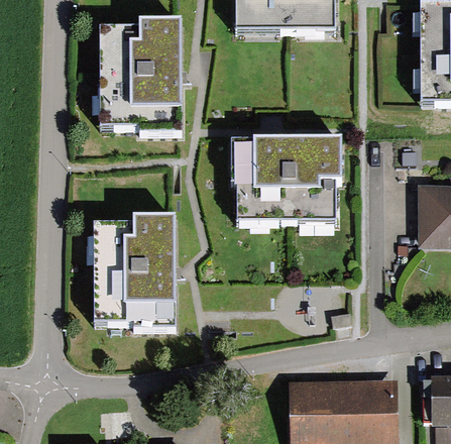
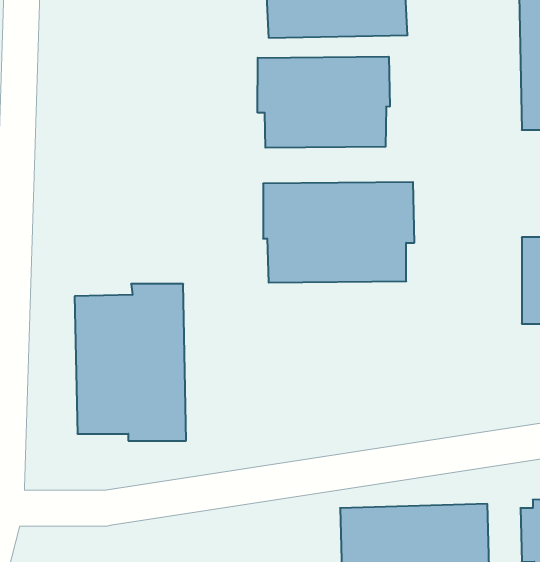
building: [98,22,182,137] -> none
building: none -> [258,57,390,148]

